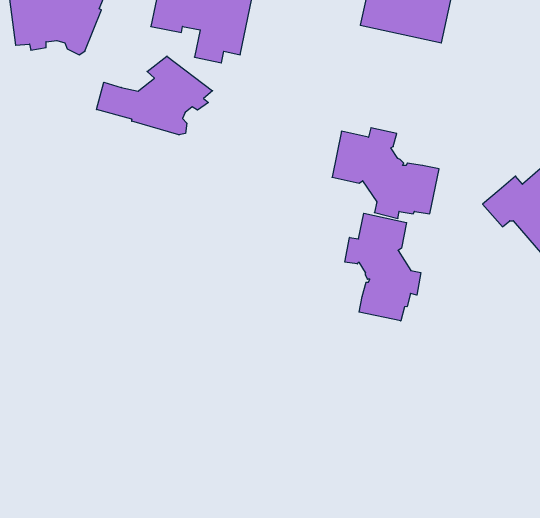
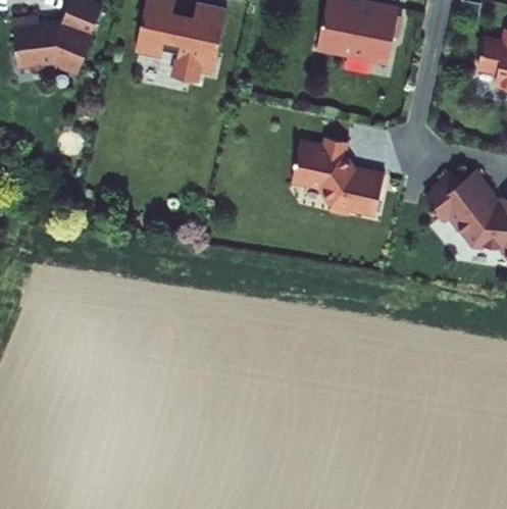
building: [97,56,213,135] -> none
building: [345,213,421,321] -> none

